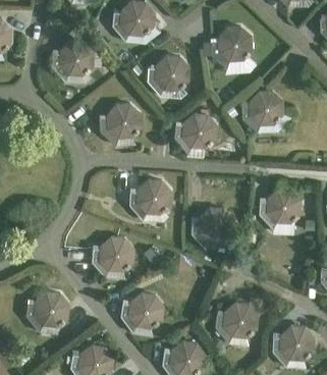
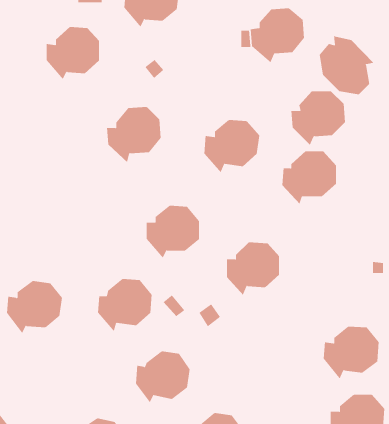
building: none -> [319,35,374,95]
building: [147,54,189,97] -> none
building: [259,188,302,229] -> [281,151,337,205]
building: [26,290,70,332] -> [6,280,63,334]
building: [215,302,259,343] -> [323,326,379,380]

